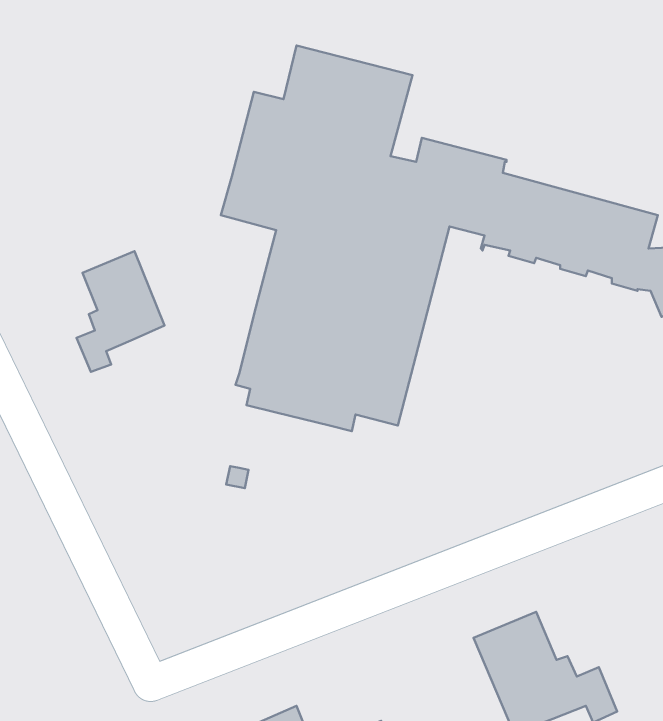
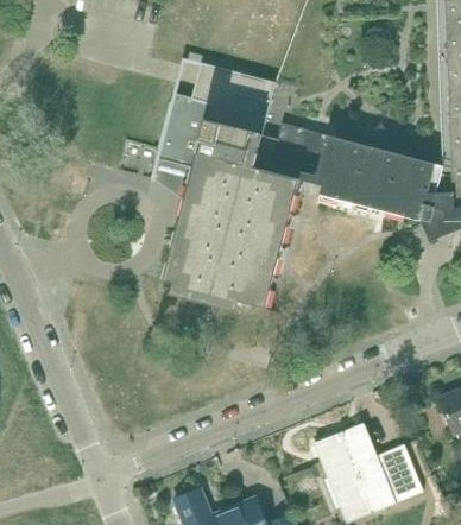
building: [77,251,165,372] -> none

